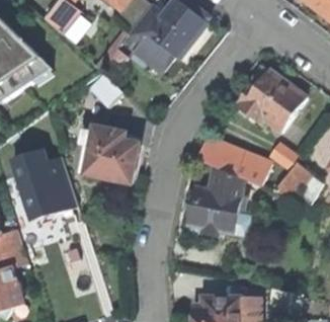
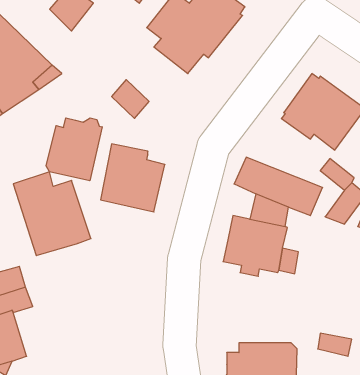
building: none -> [46,118,102,181]

